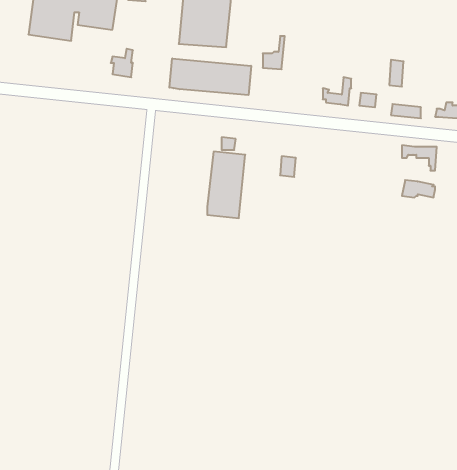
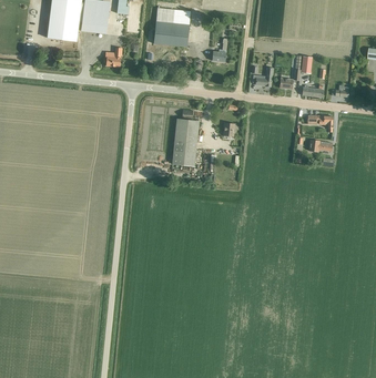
building: [169,58,251,95] -> none

